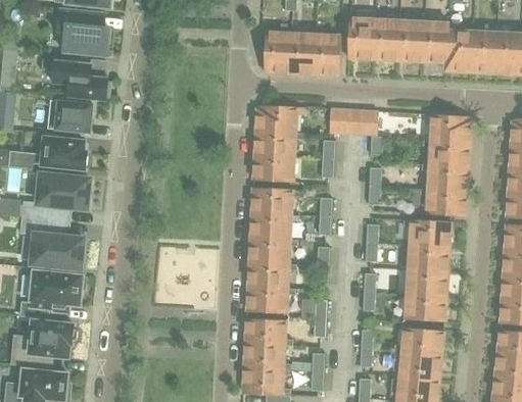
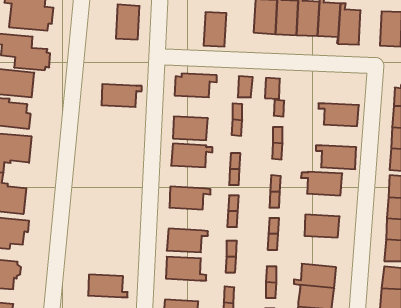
building: [314,28,341,76] -> none
building: [264,32,291,72] -> [116,4,140,39]
building: [470,32,496,72] -> none
building: [423,114,471,142] -> none
building: [254,131,301,157] -> [101,84,142,107]
building: [421,164,468,191] -> none
building: [250,212,298,239] -> none
building: [408,245,448,271] -> none
building: [248,261,296,288] -> none
building: [405,294,445,321] -> none
building: [244,344,290,370] -> [88,275,128,297]

